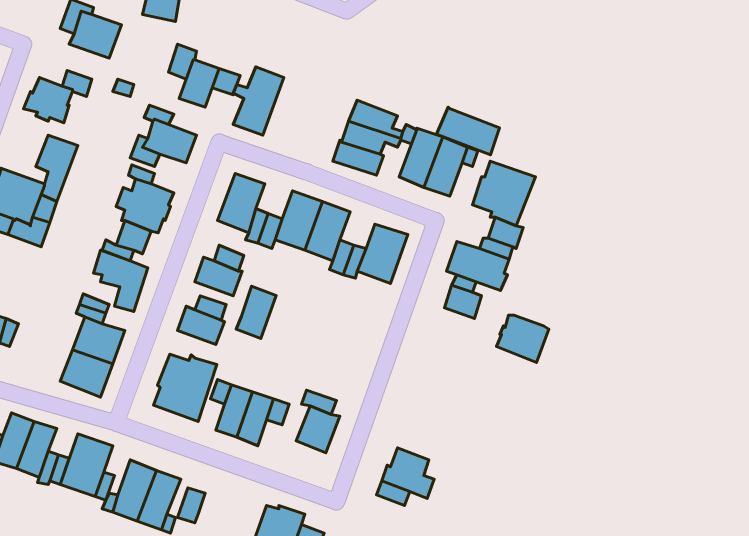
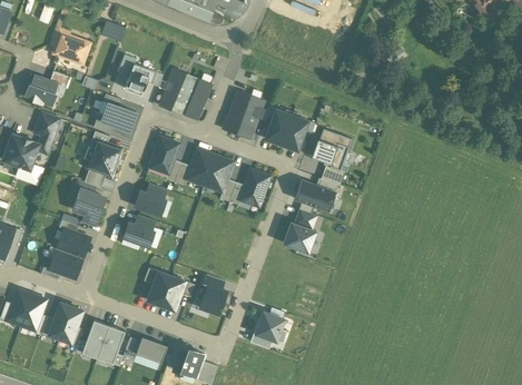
building: none -> [178,76,213,120]
building: [436,107,499,155] -> none
building: [236,286,276,338] -> none
building: [496,315,549,362] -> [283,223,316,253]
building: [154,354,217,421] -> none
building: none -> [137,337,167,363]

